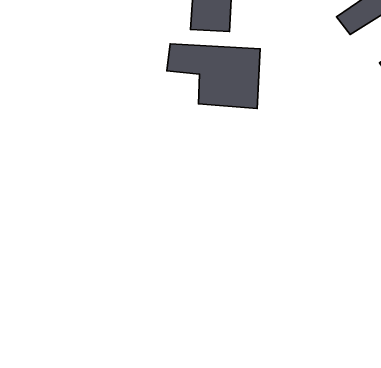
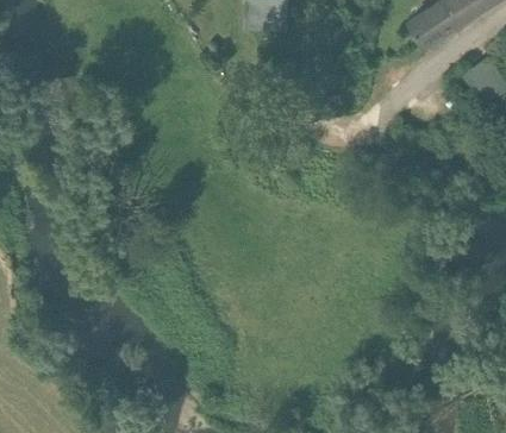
building: [167,44,260,109] -> none

